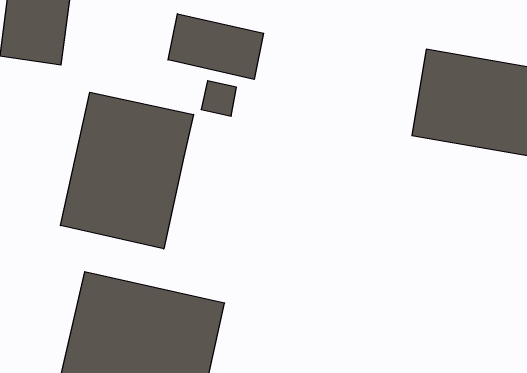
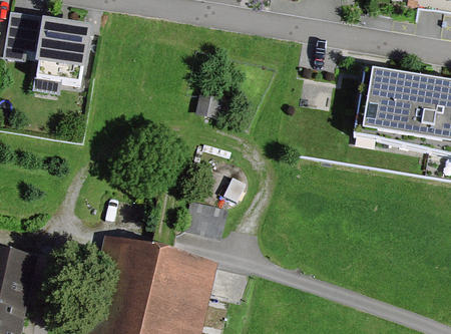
building: [168,14,264,79] -> none
building: [60,92,194,249] -> none

